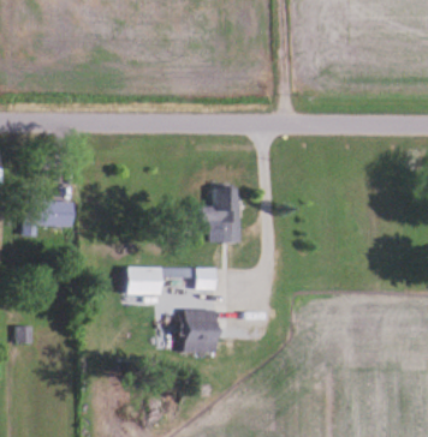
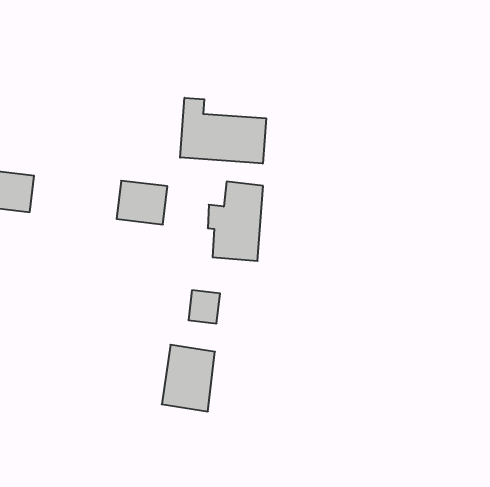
building: none -> [180,98,266,164]
building: [125,267,159,294] -> [117,181,167,224]

